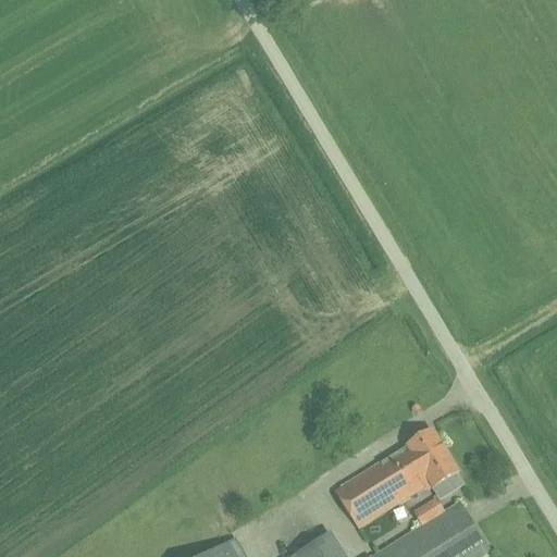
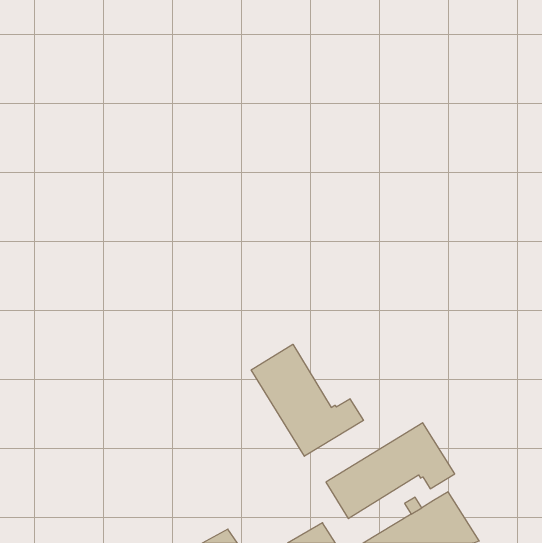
building: none -> [251,344,363,456]

